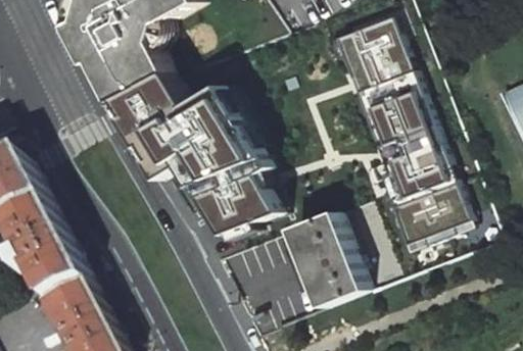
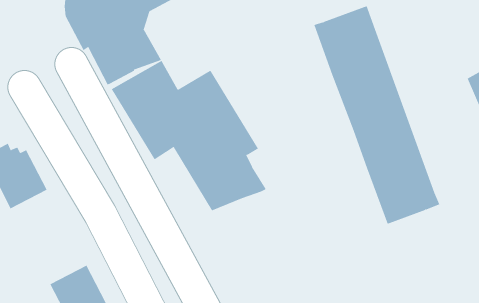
building: [11,211,93,311] -> none
building: [291,211,367,306] -> none

